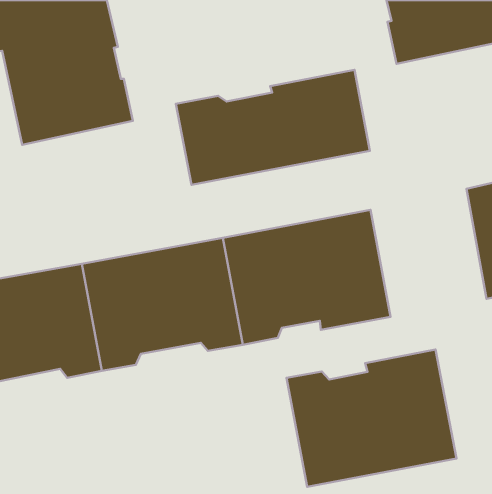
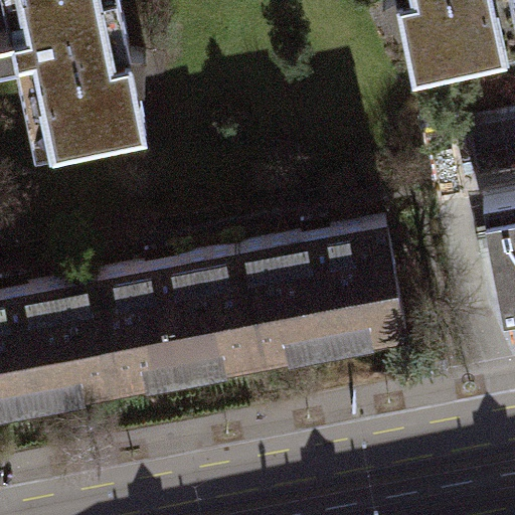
building: [176,70,370,185] -> none
building: [286,349,456,487] -> none

